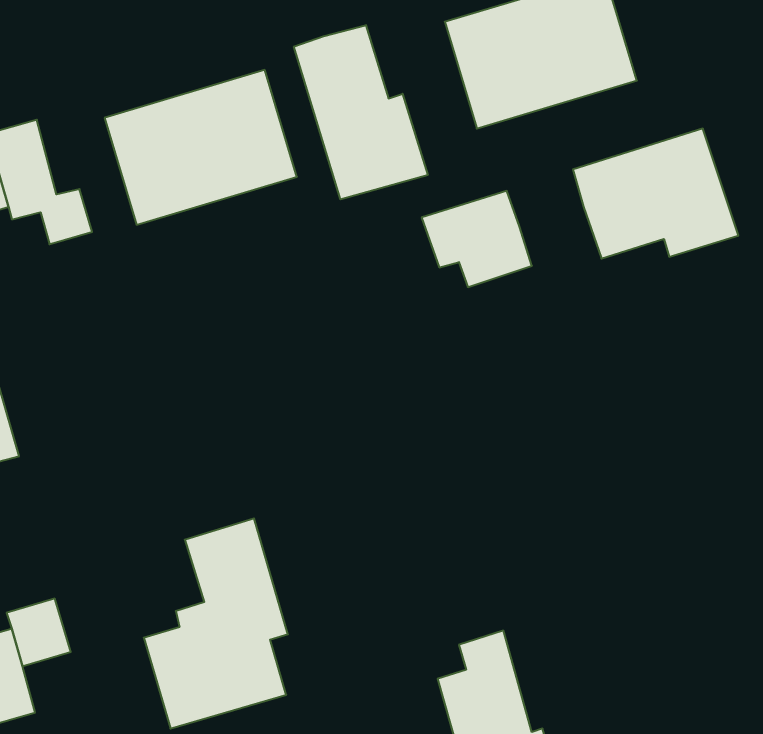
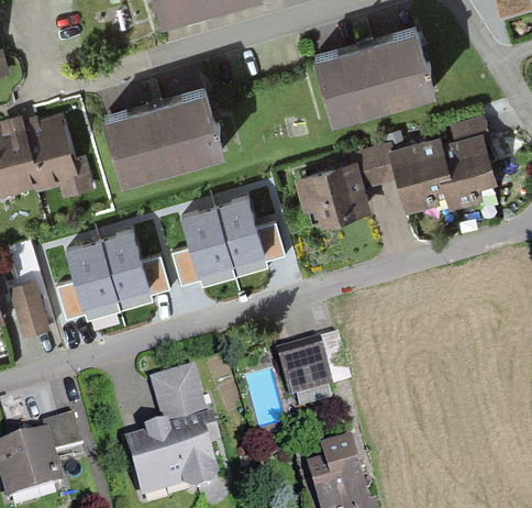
building: [294,25,428,199] -> none
building: none -> [351,151,398,186]
building: none -> [174,201,287,287]
building: none -> [57,234,170,320]
building: none -> [280,344,333,397]

